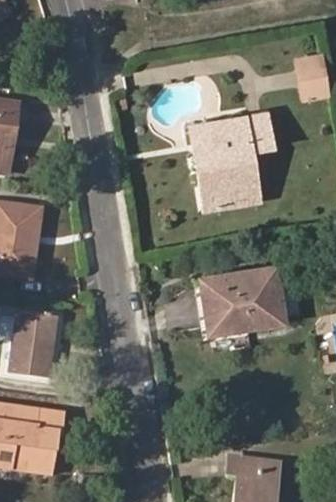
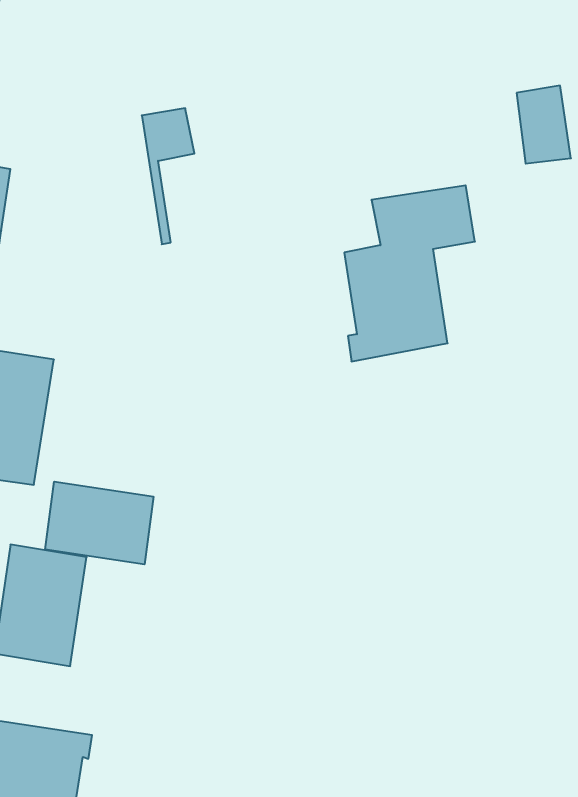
building: [192,120,221,195] -> [142,108,194,244]
building: [202,266,284,331] -> none
building: none -> [45,482,153,564]

